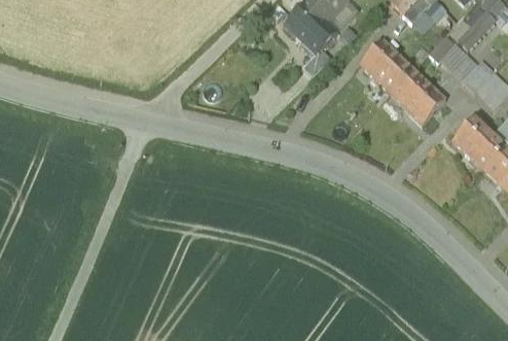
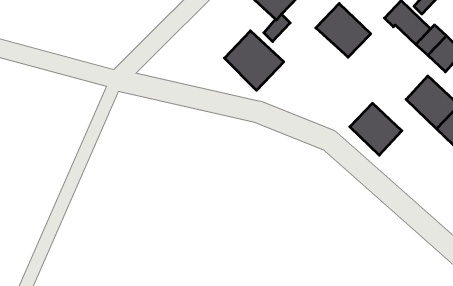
building: none -> [224,31,284,90]
building: [391,69,445,124] -> [350,103,402,155]

